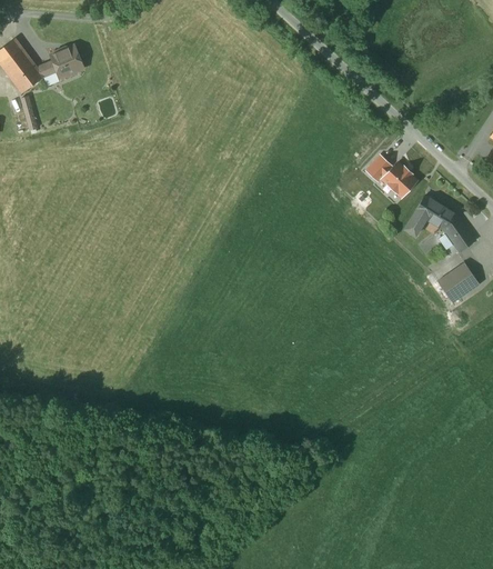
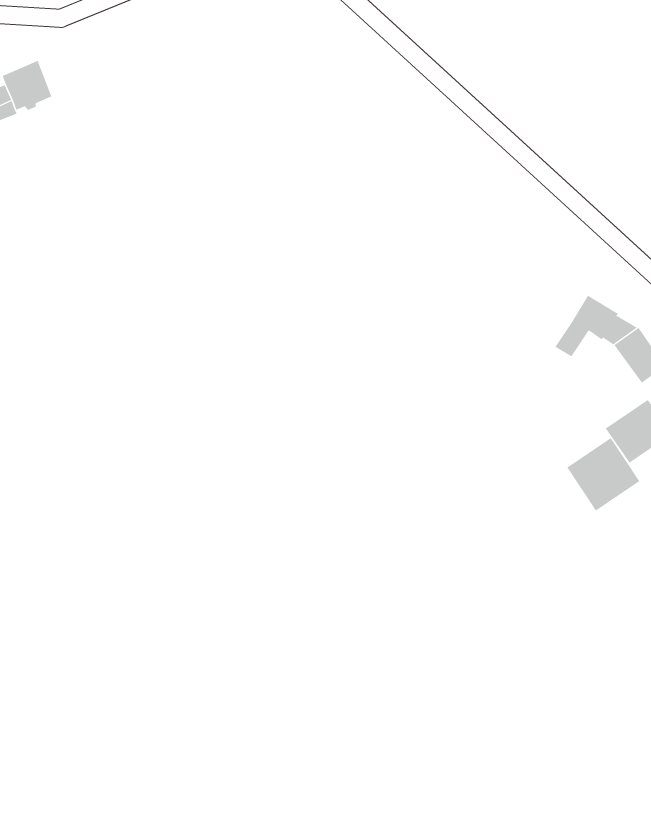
building: [362,157,413,193] -> none
building: none -> [566,437,640,512]

